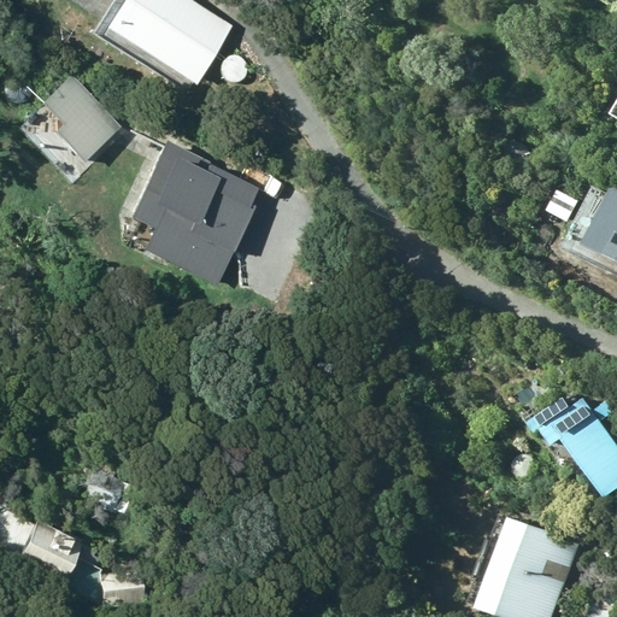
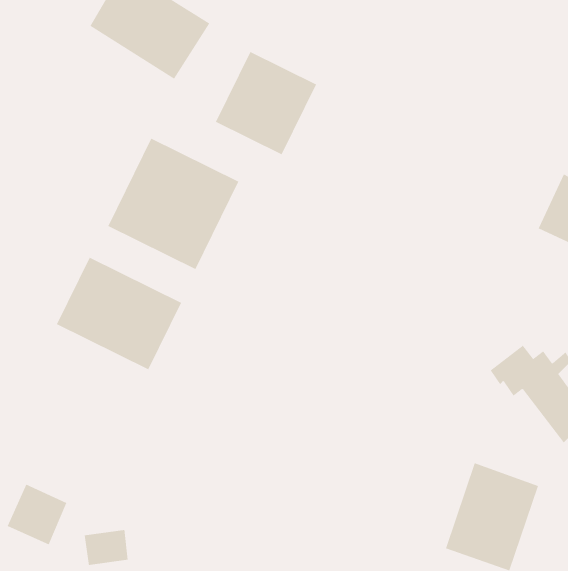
building: none -> [215,51,317,155]
building: [43,82,119,164] -> none
building: none -> [56,257,182,370]

